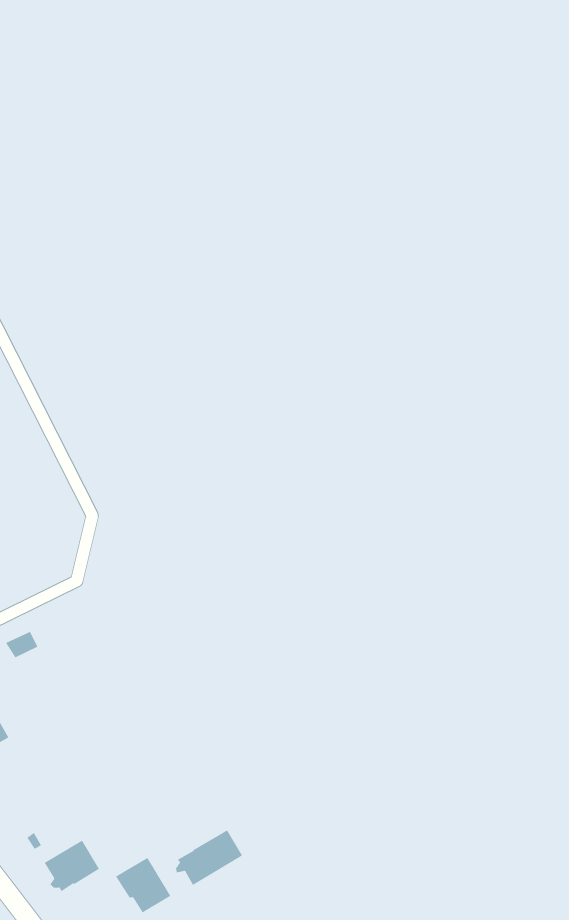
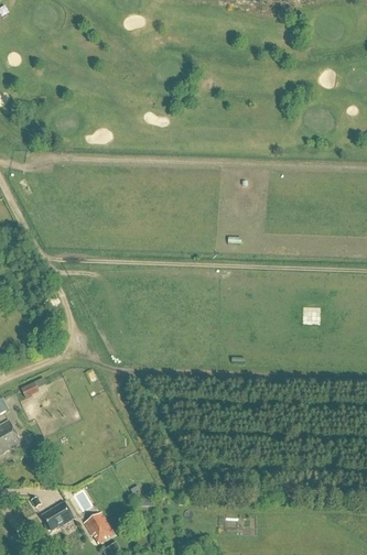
building: [175,829,243,886] -> none

